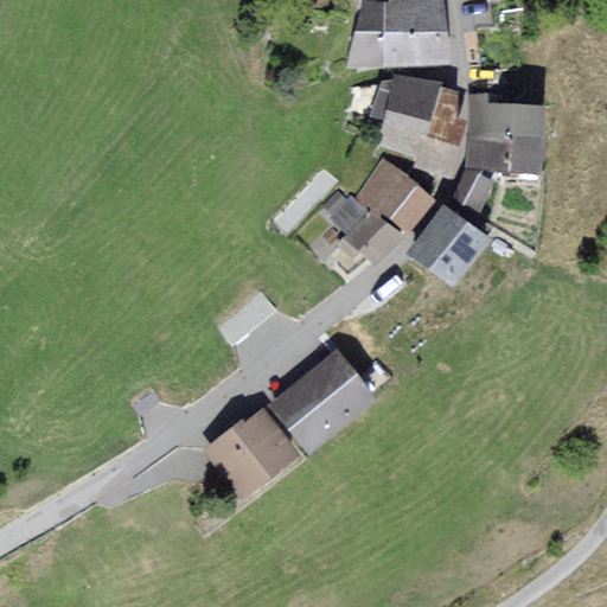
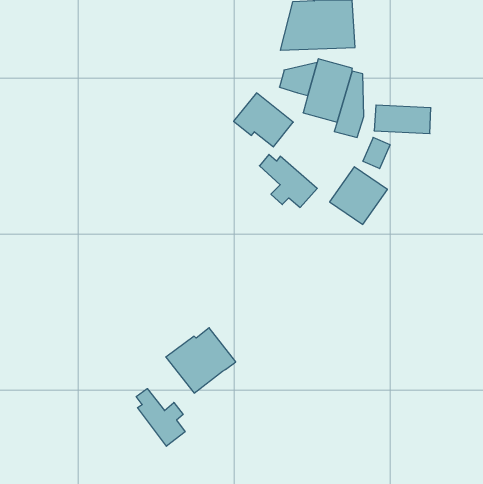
building: [471,94,542,135] -> none
building: [356,161,430,229] -> [234,93,293,147]
building: [275,351,375,445] -> none
building: none -> [136,389,185,446]

